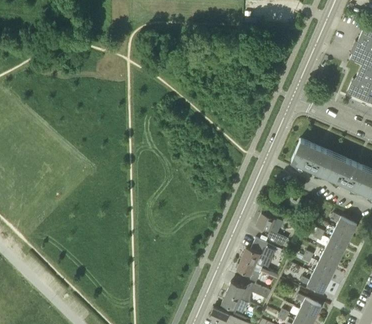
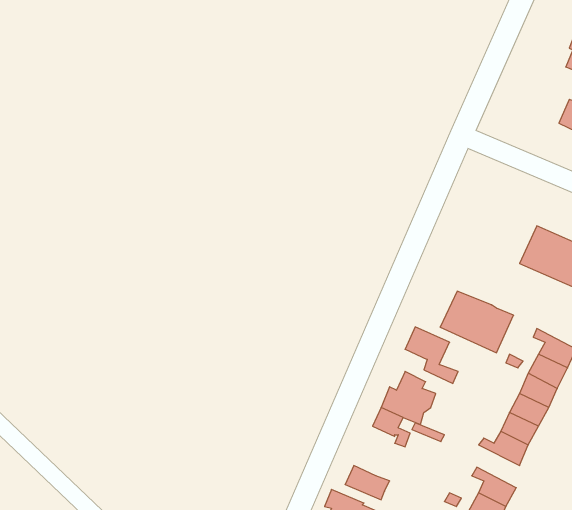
building: [291,139,334,175] -> [440,291,514,353]
building: [227,282,272,303] -> none

